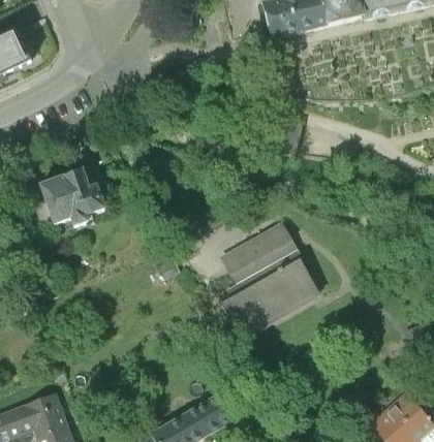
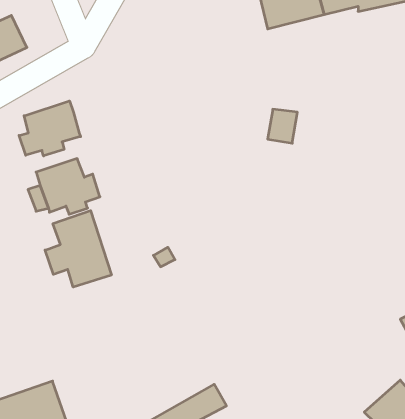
building: none -> [19,101,81,156]
building: none -> [45,211,111,287]
building: [221,222,316,335] -> none

